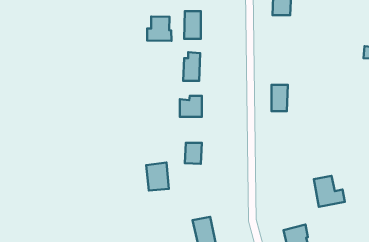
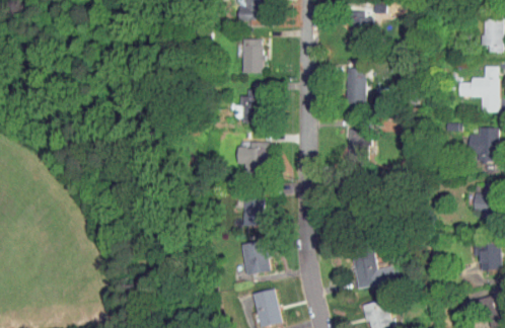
building: [147,17,172,41] -> none
building: none -> [346,69,364,104]
building: [146,163,169,190] -> [241,240,269,273]
building: [314,176,345,207] -> [351,251,388,289]

